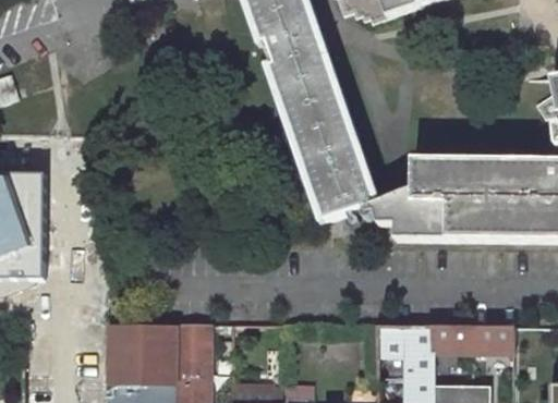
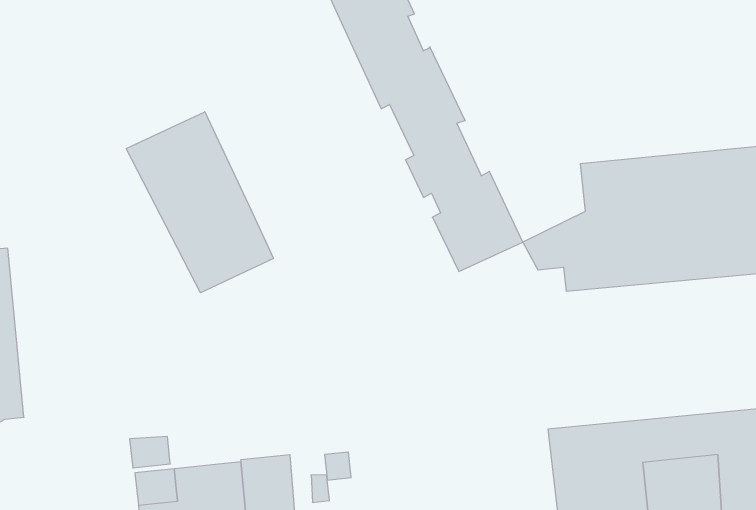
building: none -> [126,112,274,293]

